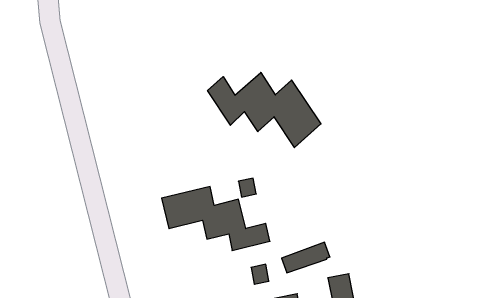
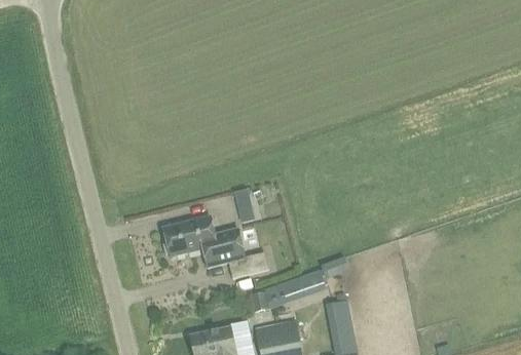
building: [208,72,321,148] -> none

